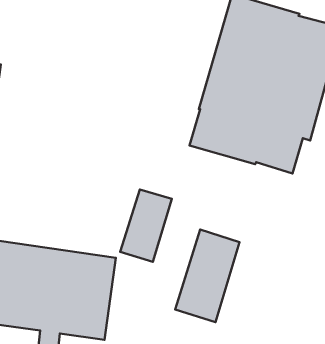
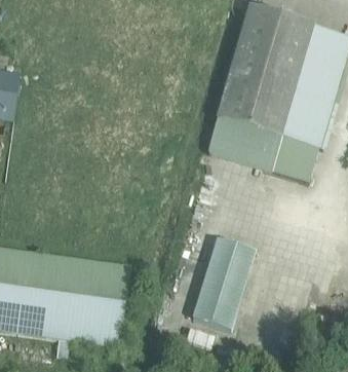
building: [120,189,172,262] -> none

